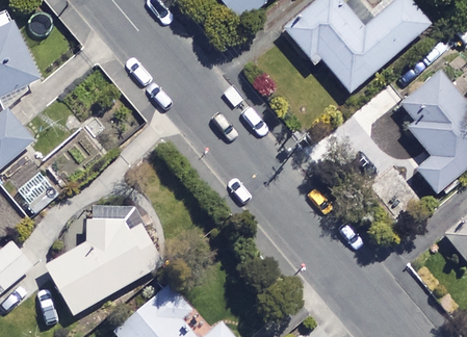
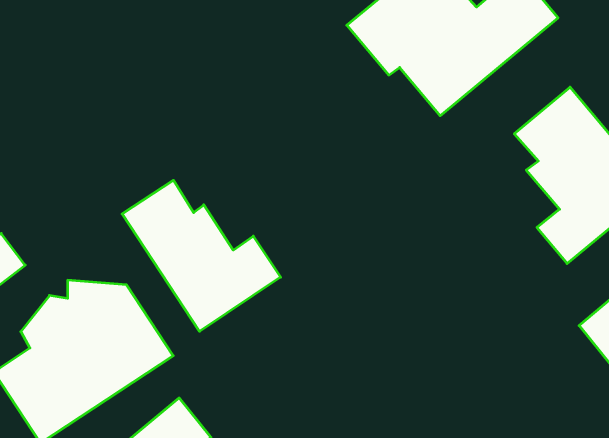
building: none -> [122,180,281,331]

